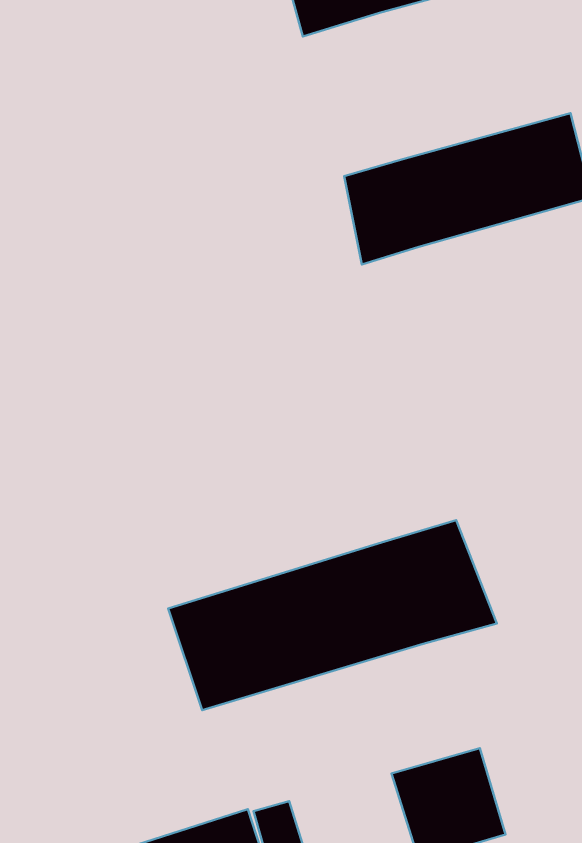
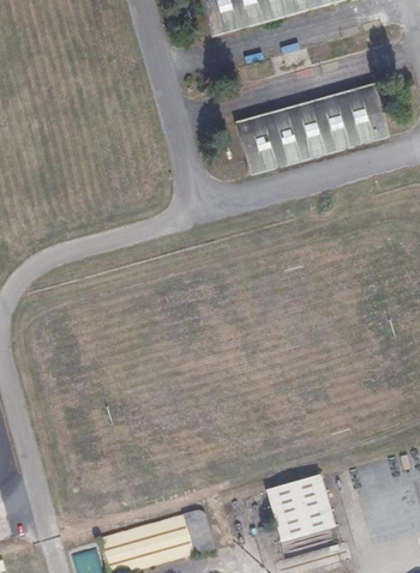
building: [168,520,497,710] -> none

